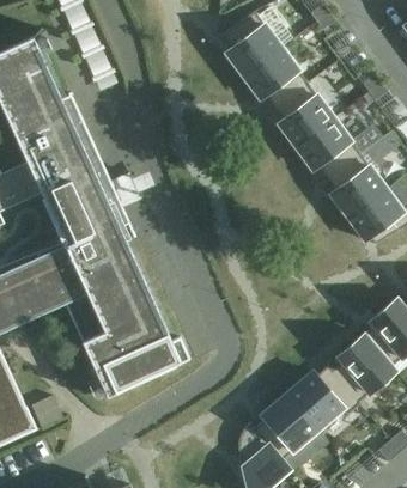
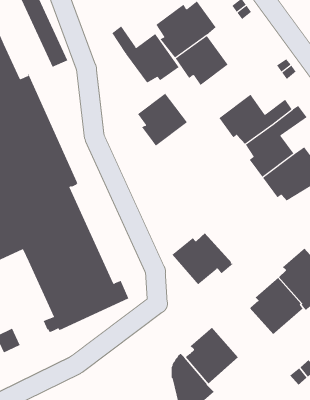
building: none -> [111,26,179,83]
building: [273,83,333,146] -> [137,93,188,146]
building: [287,366,360,428] -> [171,233,233,285]

